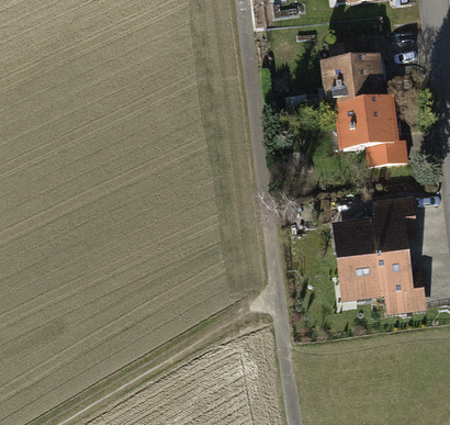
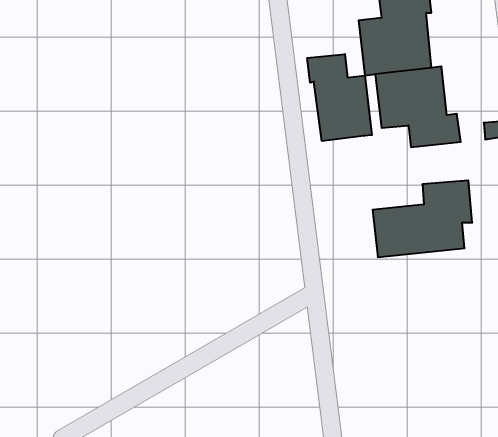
building: none -> [307,54,372,141]
building: [337,255,425,312] -> none

